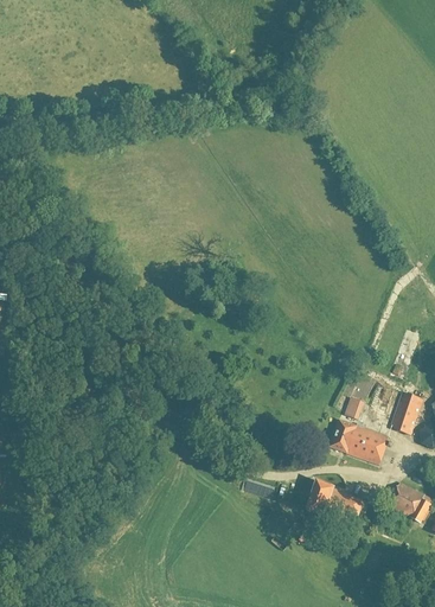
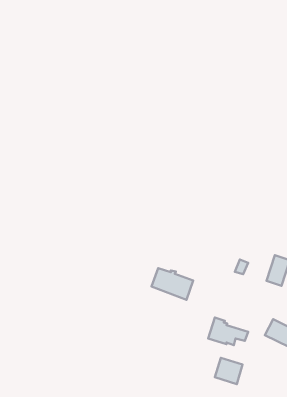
building: [328,420,388,465] -> [152,268,193,300]
building: none -> [215,358,242,384]

